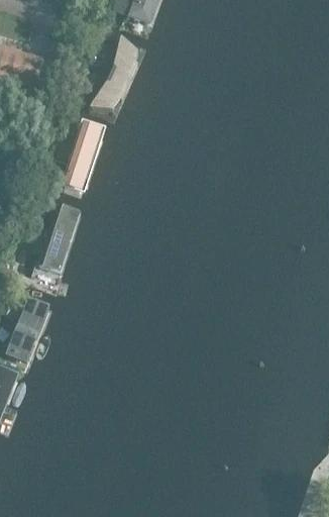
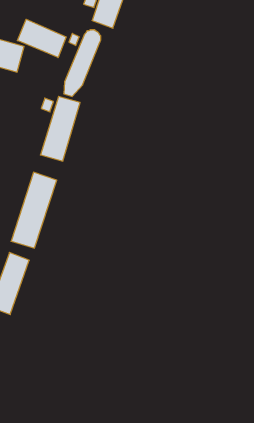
building: none -> [17,19,66,58]

